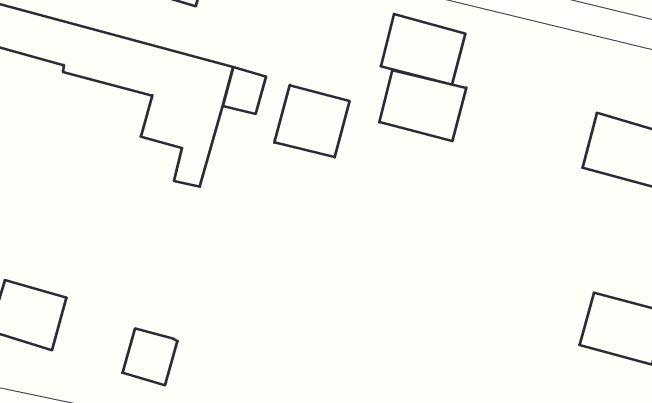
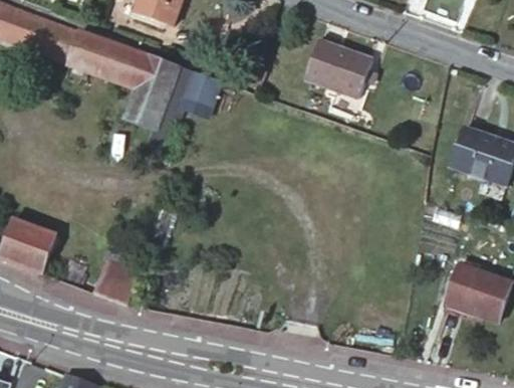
building: [379,70,466,141] -> none
building: [274,85,349,157] -> none

